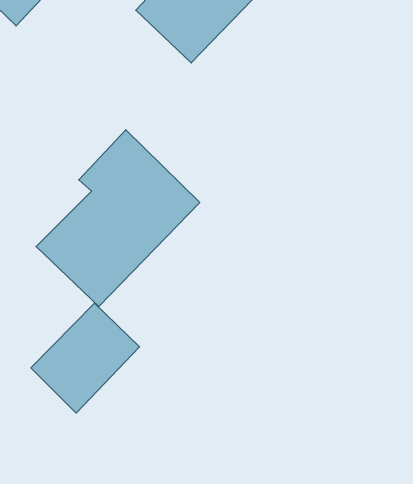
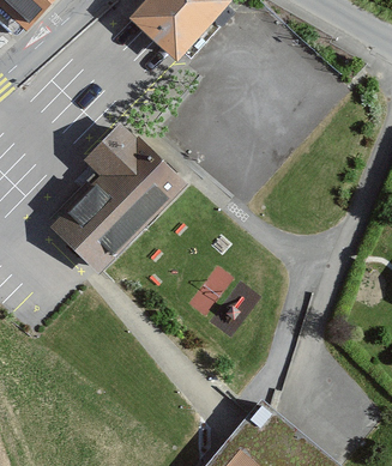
building: [31,303,140,413] -> none

